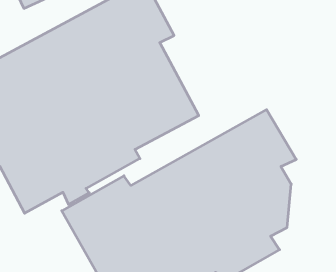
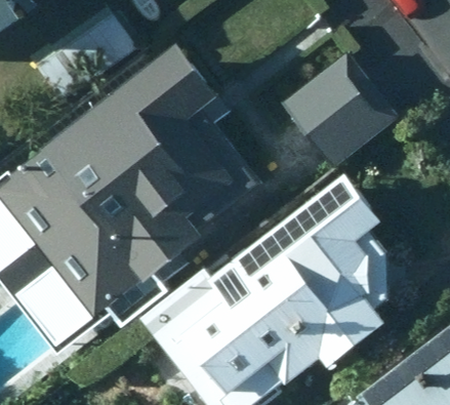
building: none -> [278,53,398,171]

